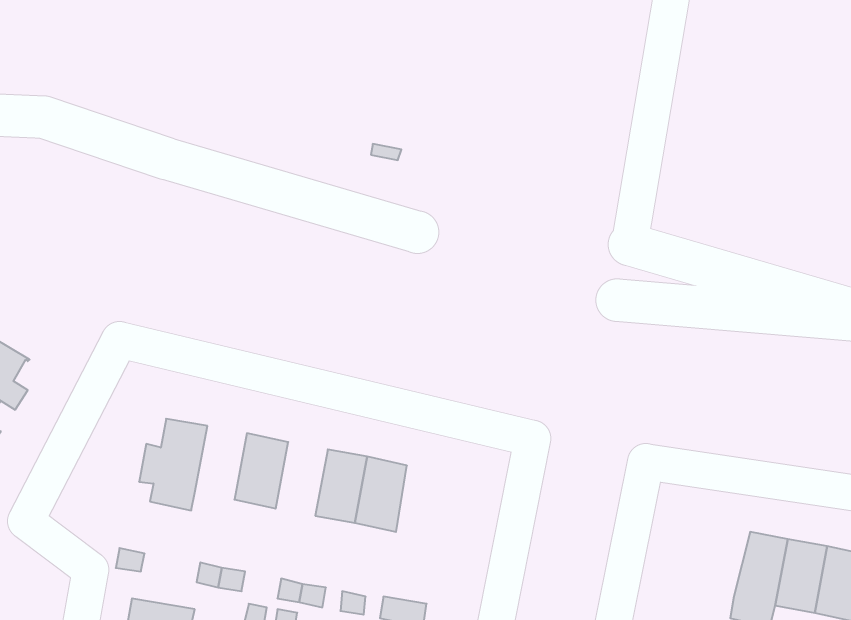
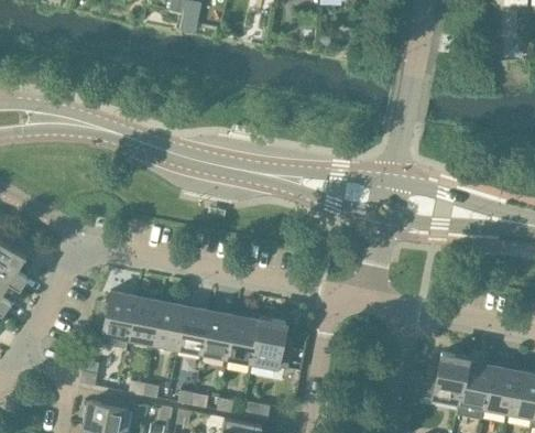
building: none -> [129,296,161,342]
building: none -> [178,306,210,351]
building: none -> [252,317,292,368]
building: none -> [425,353,470,401]

